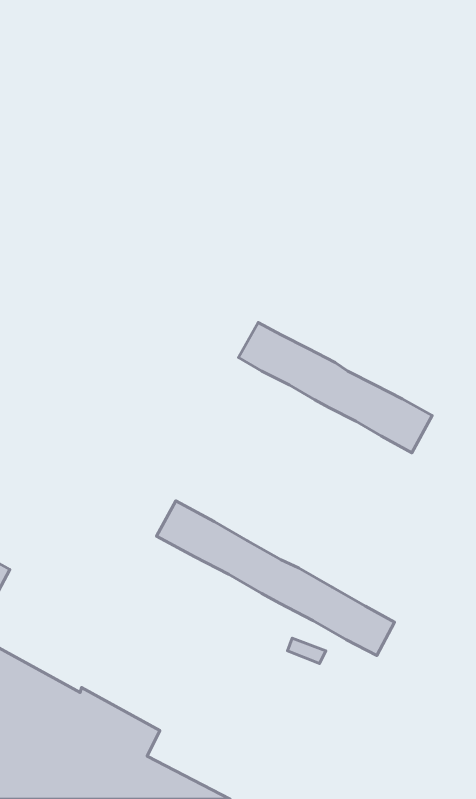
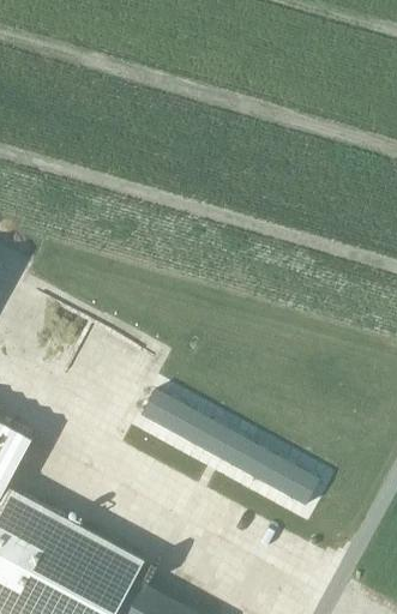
building: [239,323,432,453] -> none

